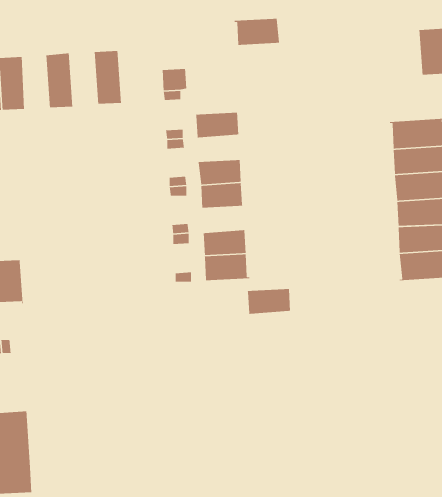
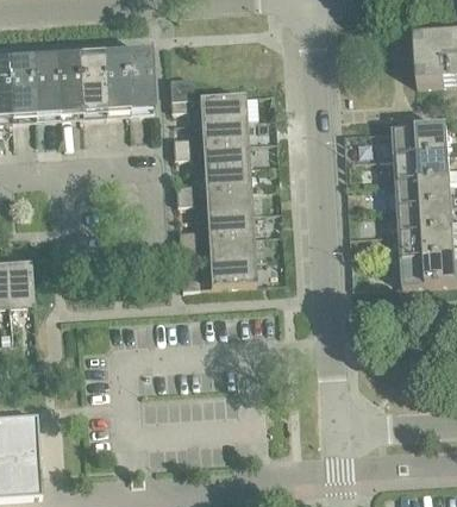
building: [234,18,282,46] -> [198,93,245,120]
building: none -> [125,56,152,109]
building: none -> [77,58,105,113]
building: none -> [31,62,57,115]
building: none -> [200,140,248,167]
building: [245,288,293,315] -> [205,211,252,237]

